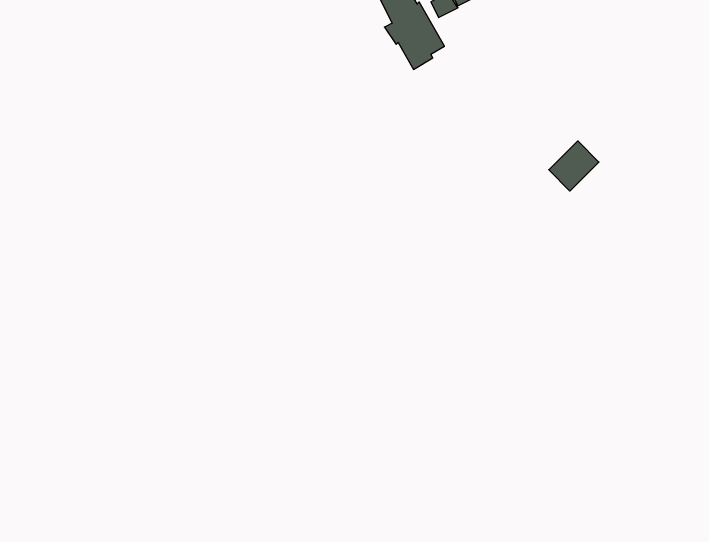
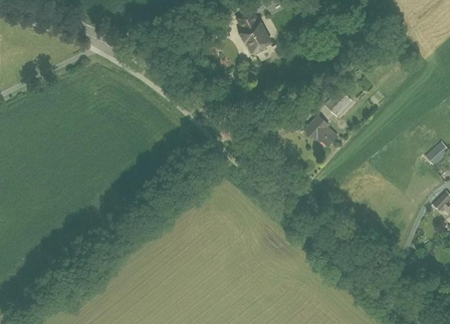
building: none -> [304,115,336,145]

